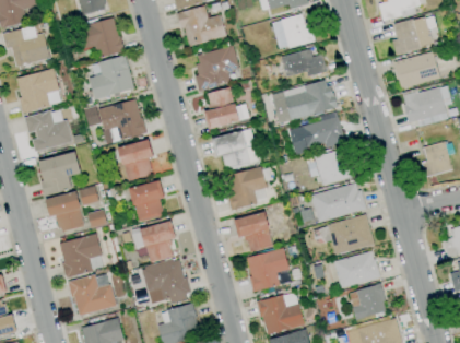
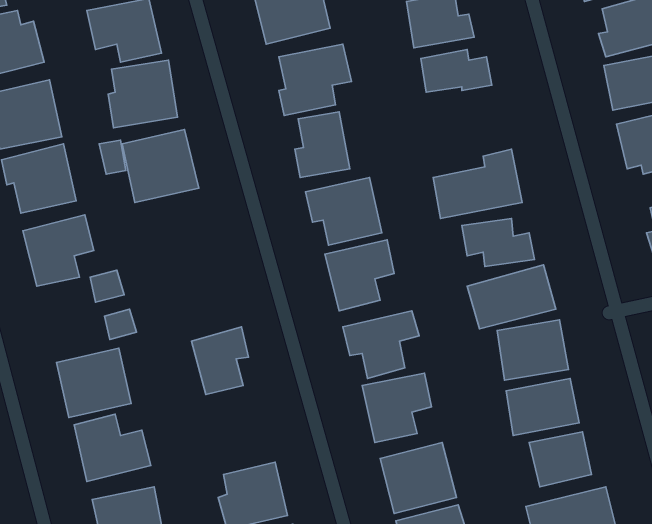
building: [271,80,337,123] -> none
building: [118,140,154,181] -> none
building: [129,180,164,223] -> none
building: [45,191,85,233] -> none
building: [141,259,189,305] -> none

